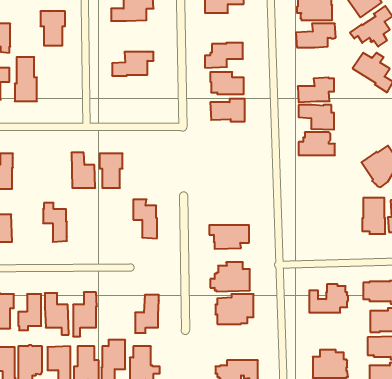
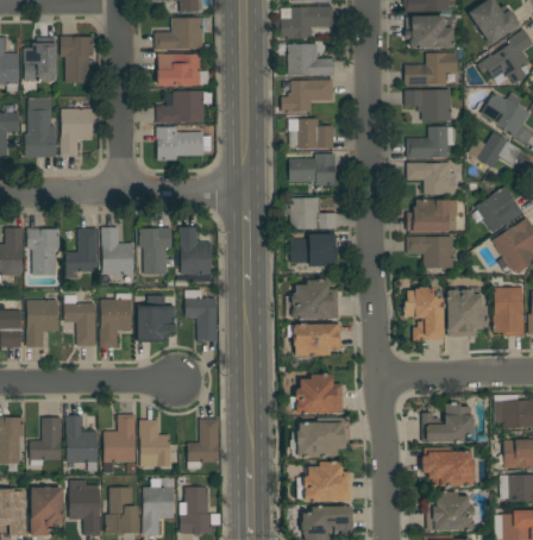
building: none -> [23,38,56,92]
building: none -> [287,44,334,76]
building: none -> [156,54,200,87]
building: none -> [405,90,451,121]
building: none -> [61,101,92,157]
building: none -> [156,127,211,161]
building: none -> [468,132,520,169]
building: none -> [471,187,522,233]
building: none -> [280,199,336,230]
building: none -> [178,227,212,275]
building: none -> [26,228,59,276]
building: none -> [65,228,98,272]
building: none -> [290,234,337,266]
building: none -> [406,237,453,269]
building: none -> [290,281,338,320]
building: none -> [403,288,443,341]
building: none -> [447,290,487,338]
building: none -> [99,294,131,347]
building: none -> [26,300,57,347]
building: none -> [137,306,175,343]
building: none -> [138,420,170,467]
building: none -> [420,447,474,486]
building: none -> [296,463,350,502]

